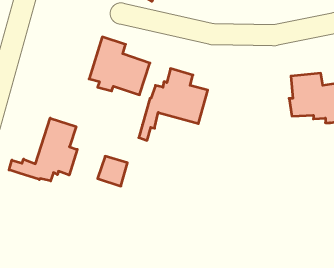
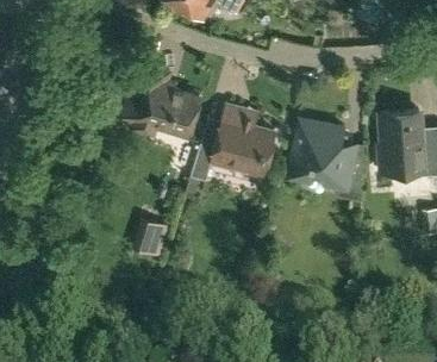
building: none -> [292,121,362,198]
building: [9,118,77,181] -> none

